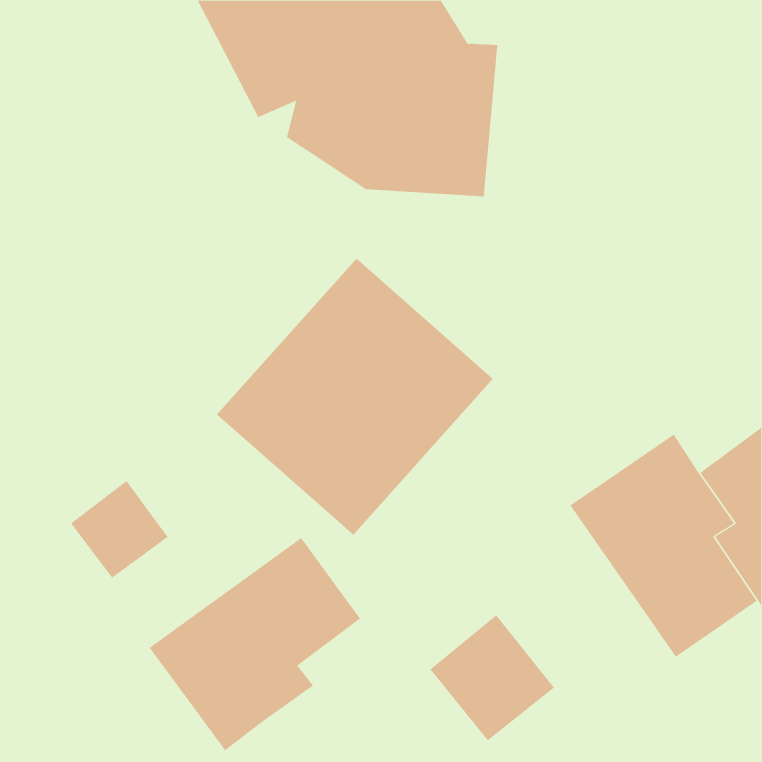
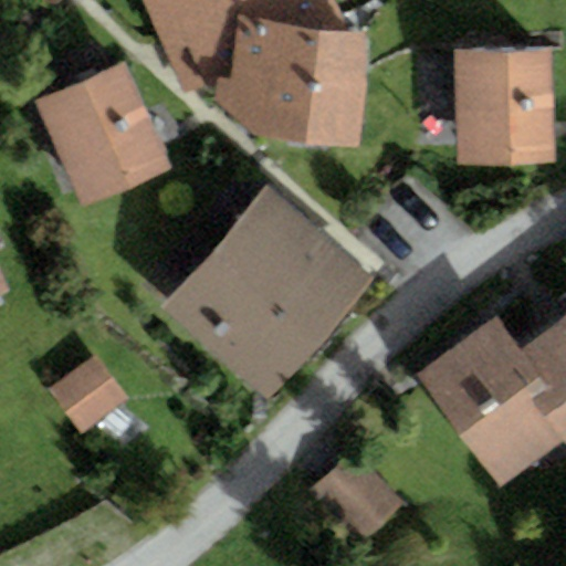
building: none -> [455,51,551,164]
building: none -> [39,66,170,203]
building: [149,537,361,751] -> none

